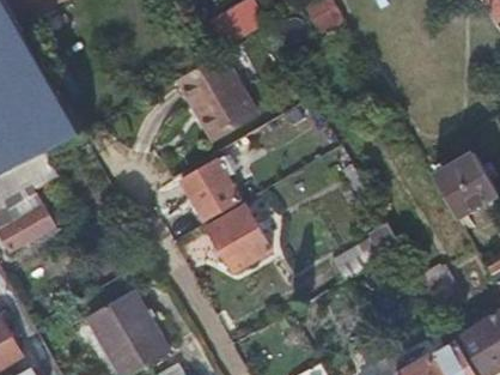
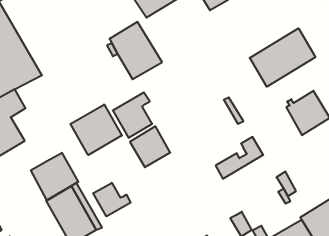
building: none -> [250,28,315,87]
building: none -> [70,104,122,155]
building: none -> [31,153,78,200]
building: none -> [93,183,131,216]

